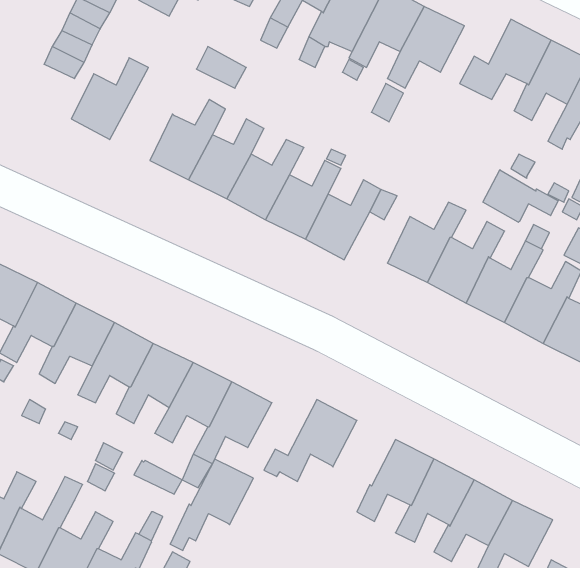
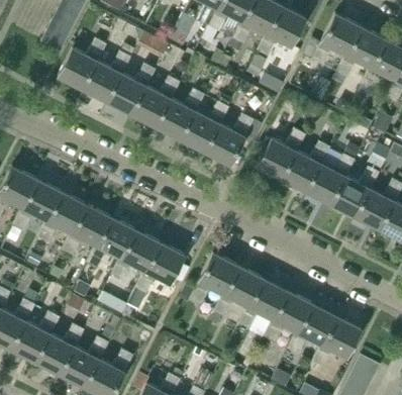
building: none -> [82,52,130,103]
building: [483,170,558,222] -> none
building: [170,459,253,550] -> [209,267,262,324]

